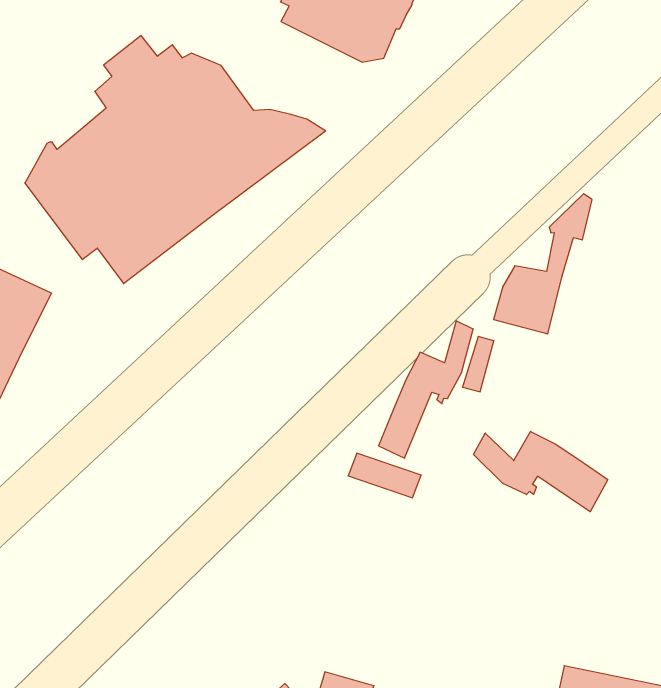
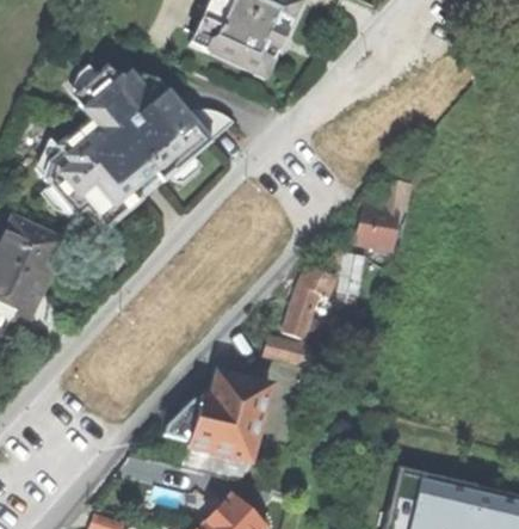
building: [474,431,608,512] -> none
building: none -> [165,375,266,480]

